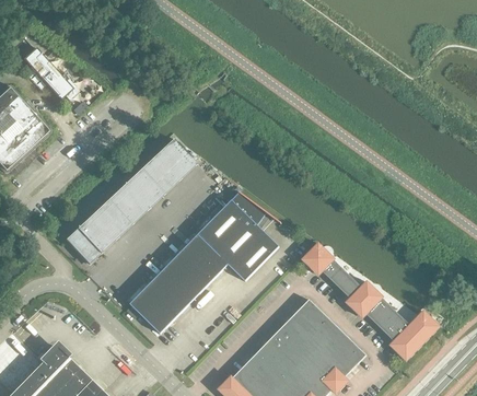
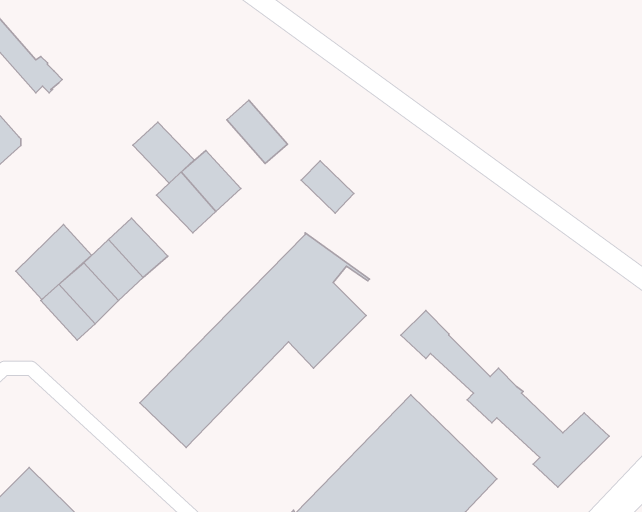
building: none -> [227,100,287,164]
building: none -> [301,161,354,213]
building: [124,167,164,208] -> [133,122,194,183]
building: none -> [16,225,91,299]

